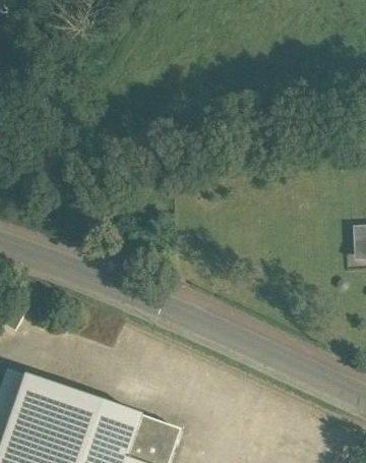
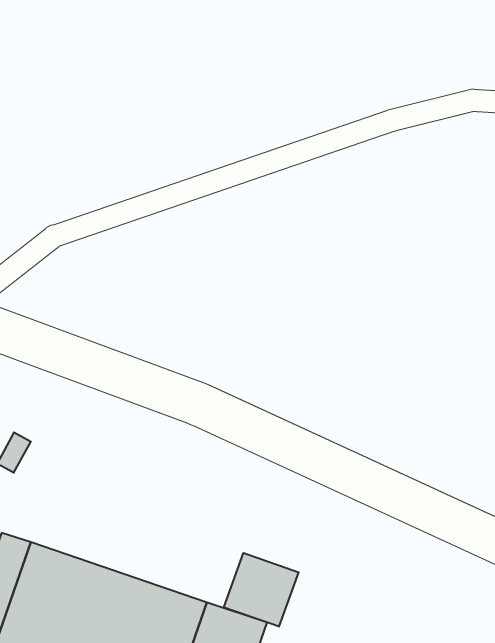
building: none -> [224,553,299,627]

